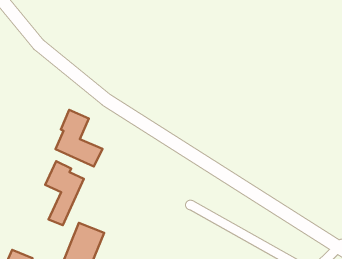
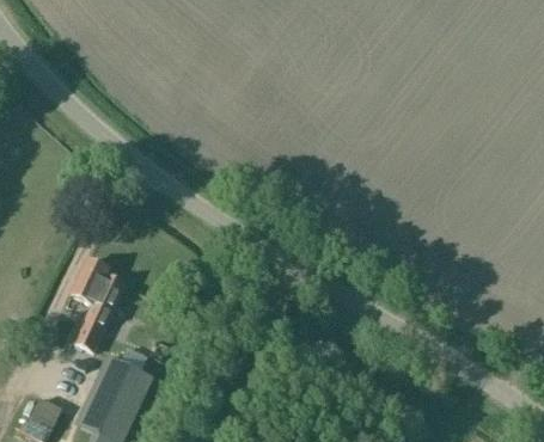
building: [55,110,102,167] -> none

